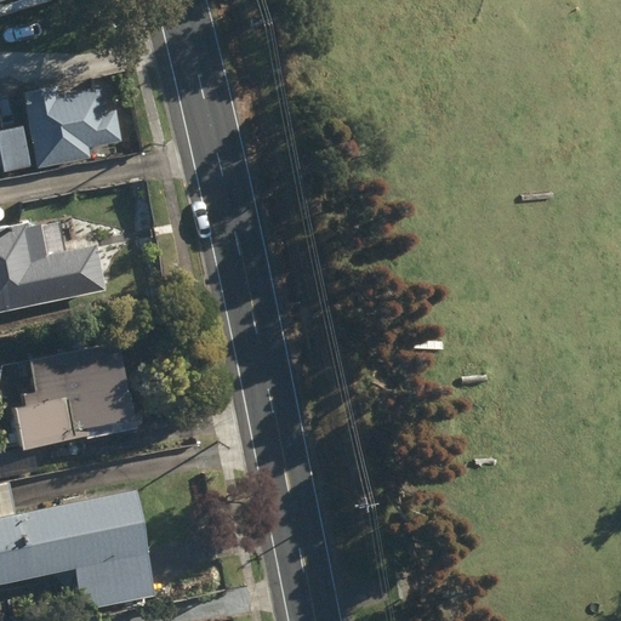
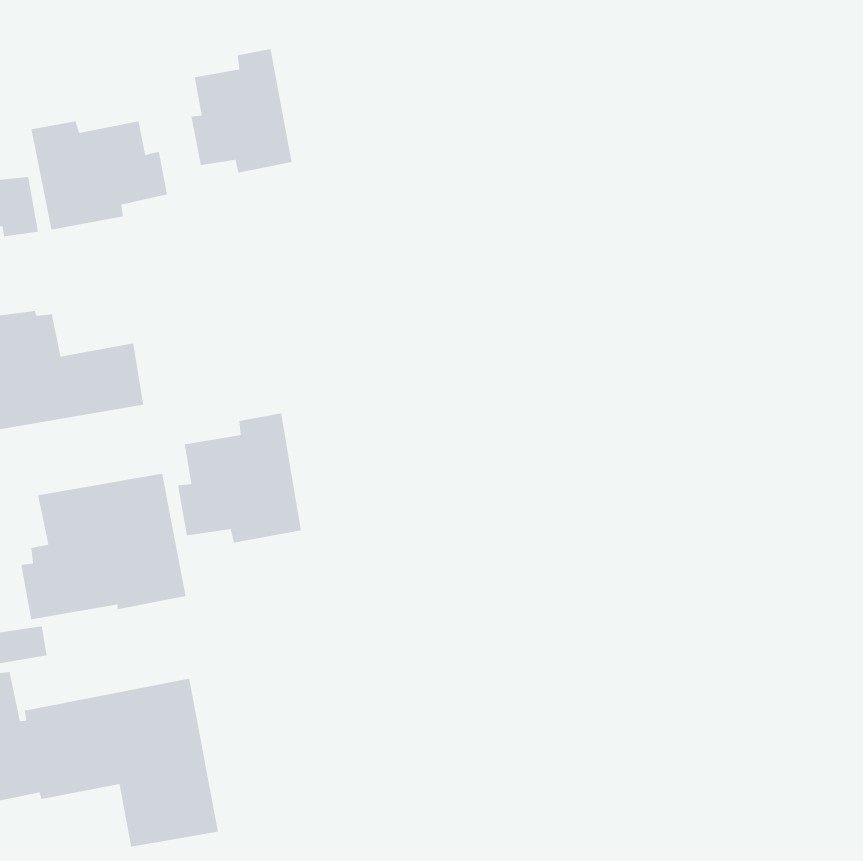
building: none -> [191,48,293,174]
building: none -> [177,412,302,544]

